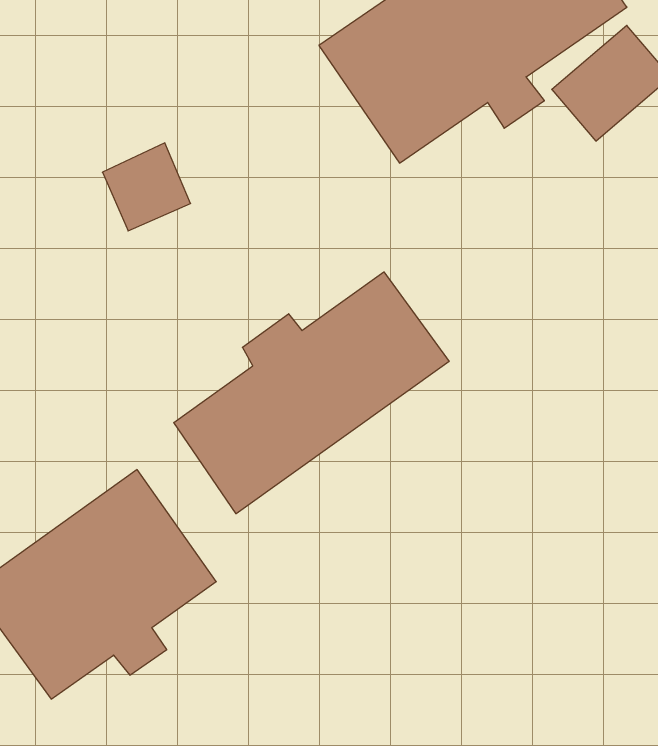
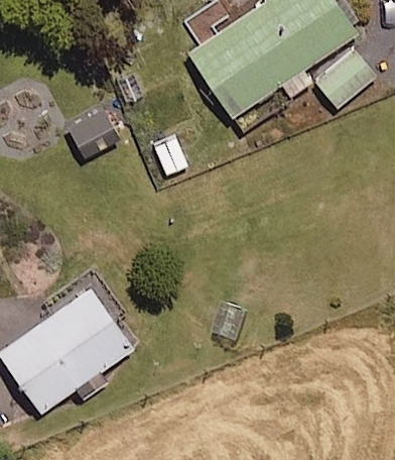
building: [174,272,449,514] -> none

